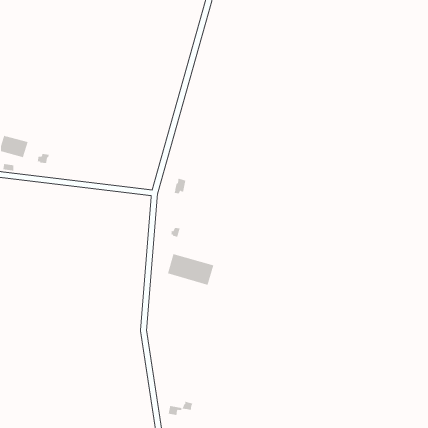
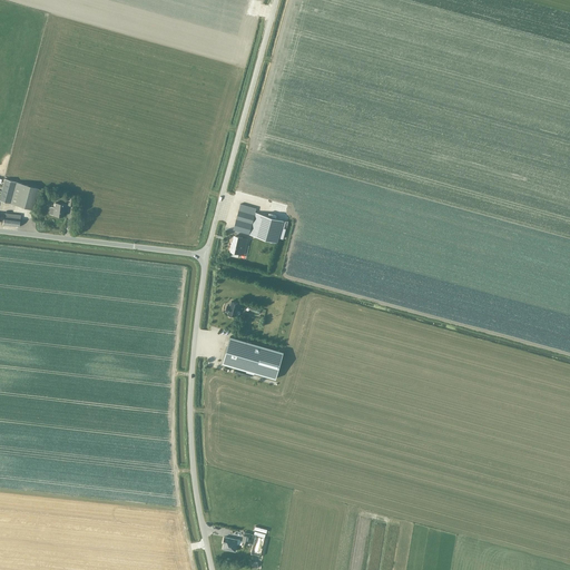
building: none -> [234,213,285,244]

